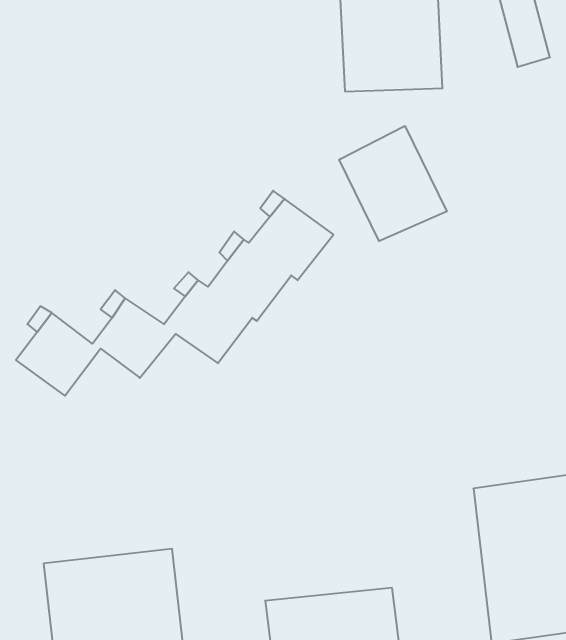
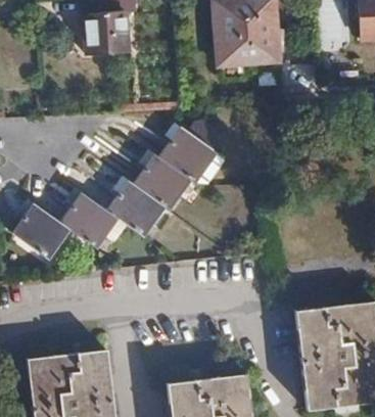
building: none -> [83,10,128,53]
building: [339,126,447,241] -> none

